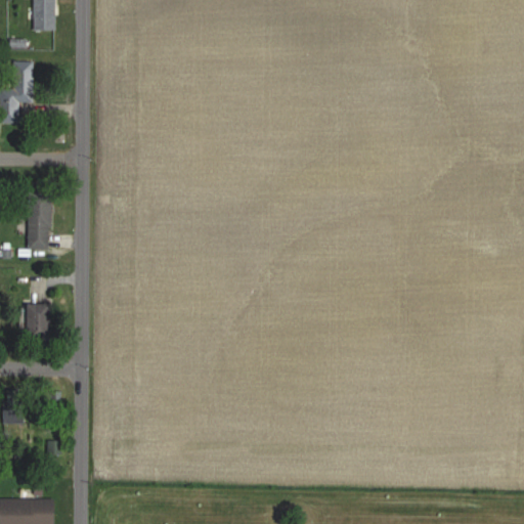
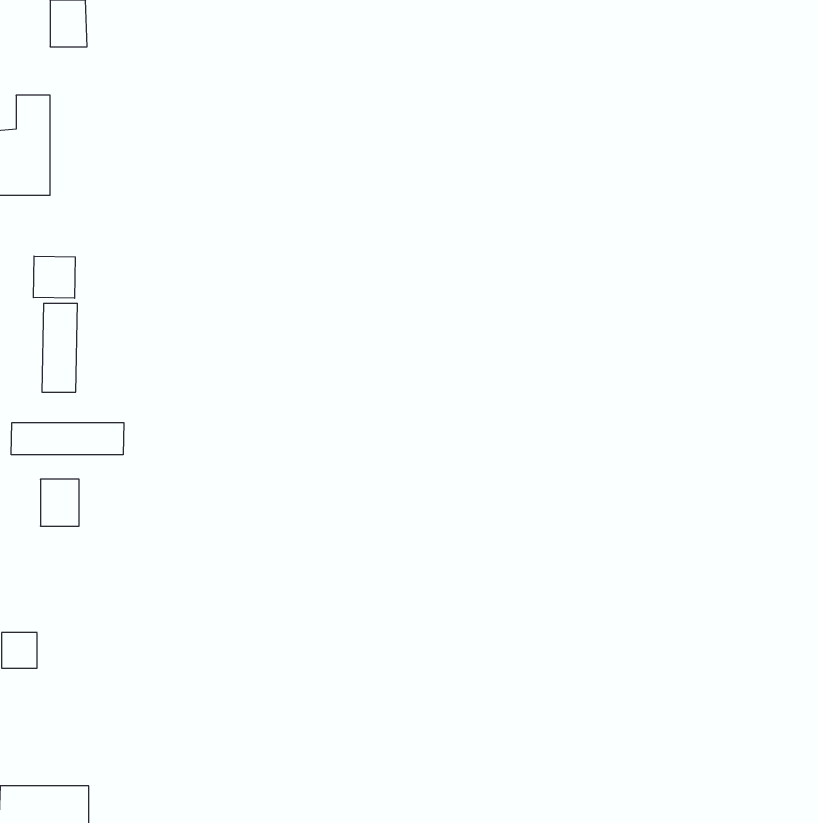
building: none -> [33,256,75,298]
building: none -> [11,423,124,455]

